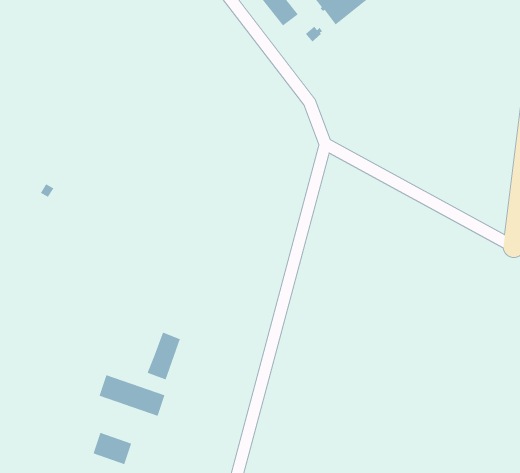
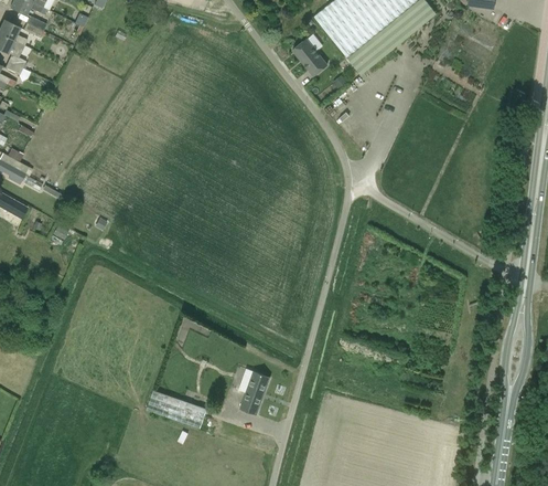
building: [146,332,181,381] -> [238,370,269,414]
building: [93,432,132,465] -> none

